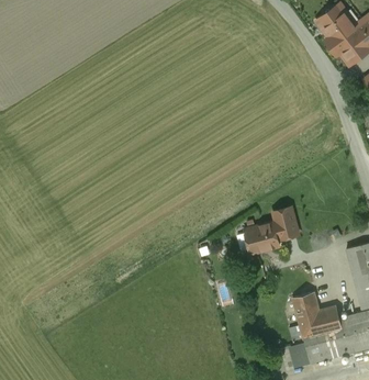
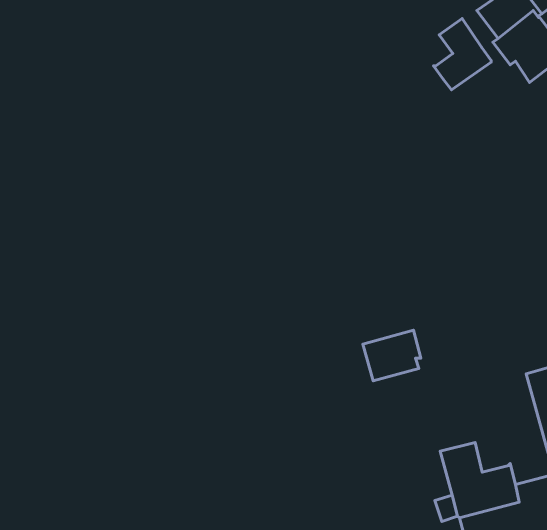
building: none -> [434,19,491,90]
building: [271,206,298,238] -> none

